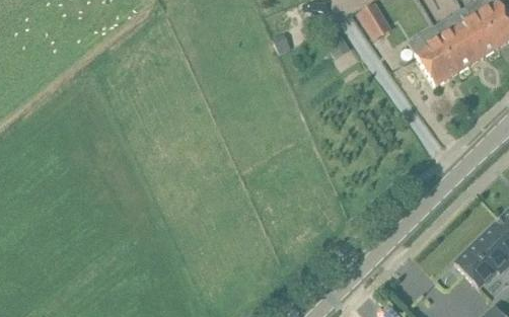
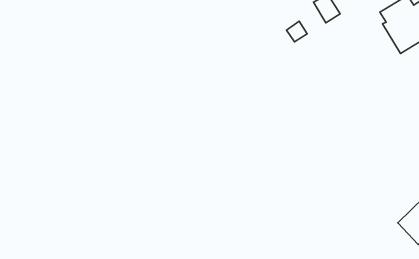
building: [410,25,458,86] -> none

